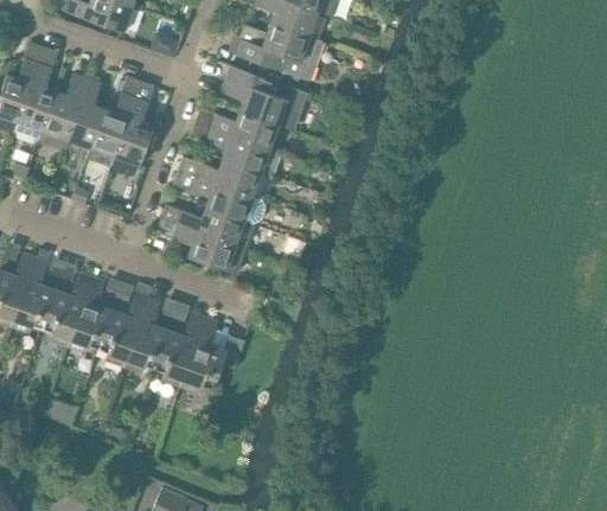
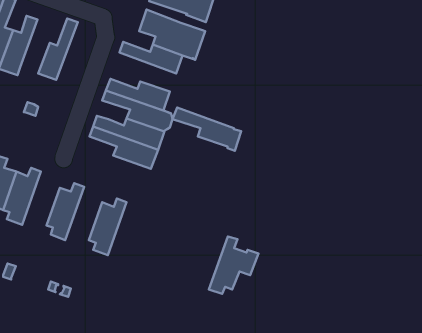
building: [64,76,103,147] -> none
building: [111,79,153,174] -> none
building: [189,120,279,177] -> [173,108,241,151]
building: [66,276,116,352] -> none
building: [123,296,172,372] -> none
building: [179,317,244,392] -> [209,236,258,294]

